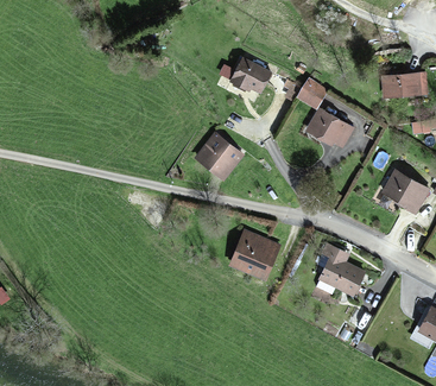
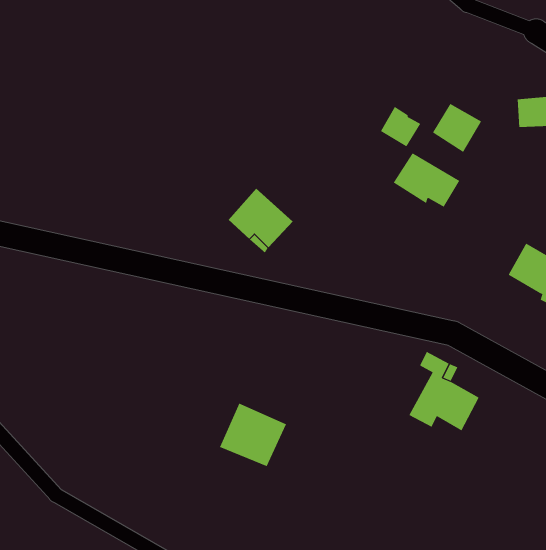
building: [229,58,270,93] -> none
building: none -> [432,103,482,153]
building: [230,233,276,276] -> [219,403,287,467]

